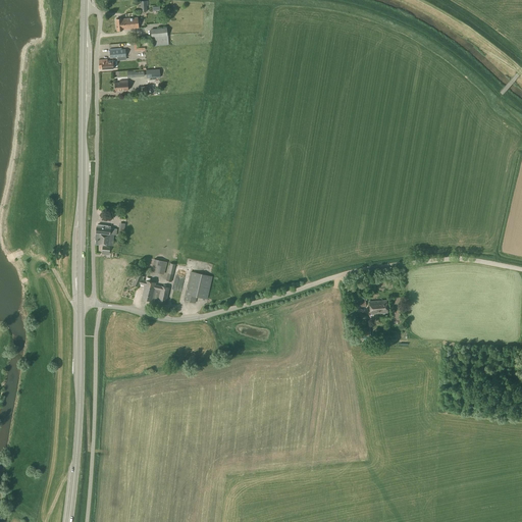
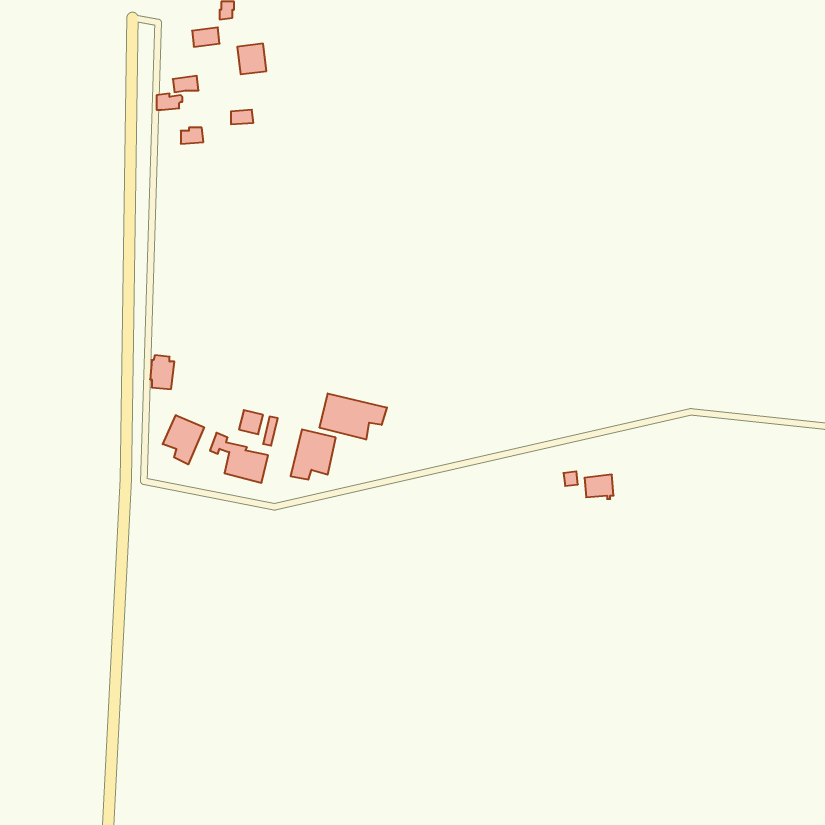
building: none -> [320,393,387,440]
building: none -> [163,415,204,464]

